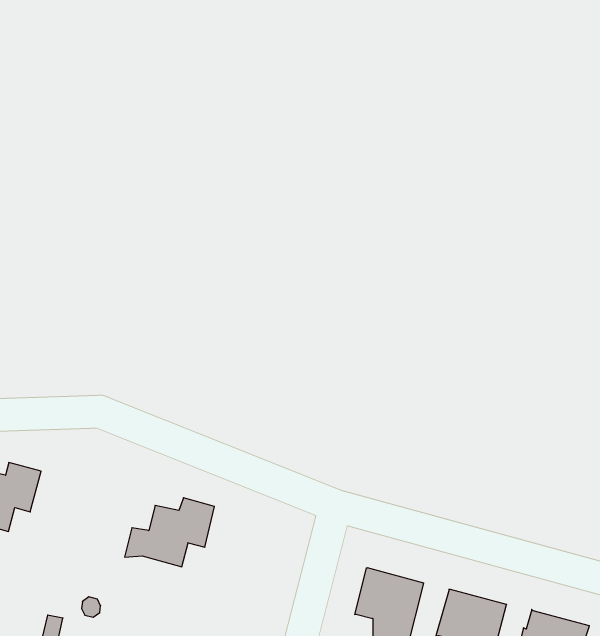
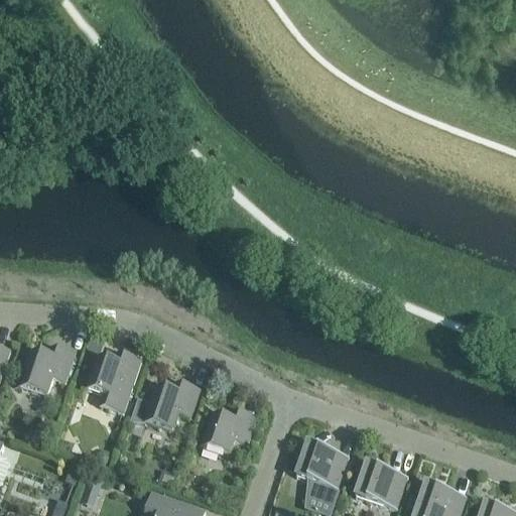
building: none -> [87,351,141,412]
building: none -> [202,408,256,454]

